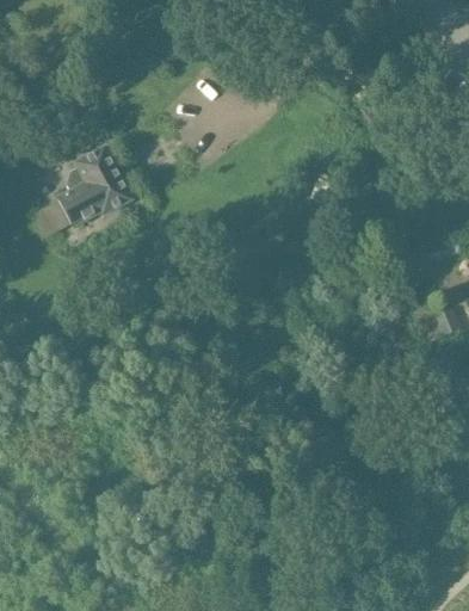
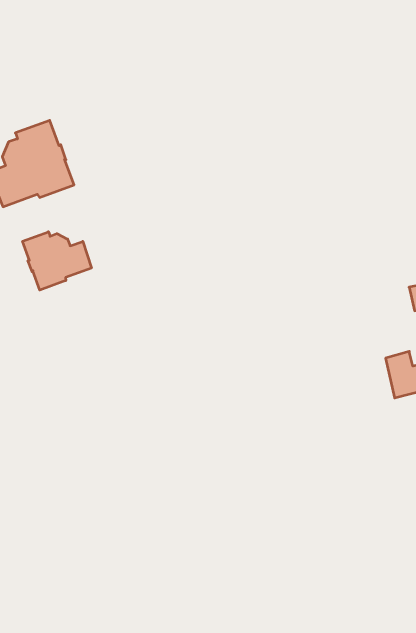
building: none -> [23,232,91,290]

